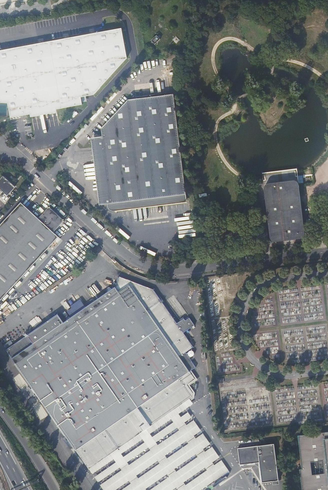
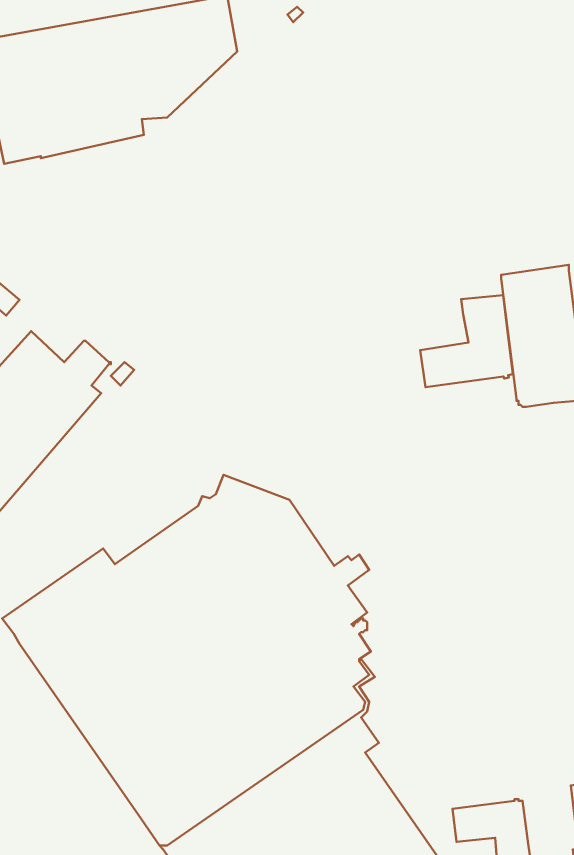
building: [92,94,184,210] -> none
building: none -> [420,295,513,387]

